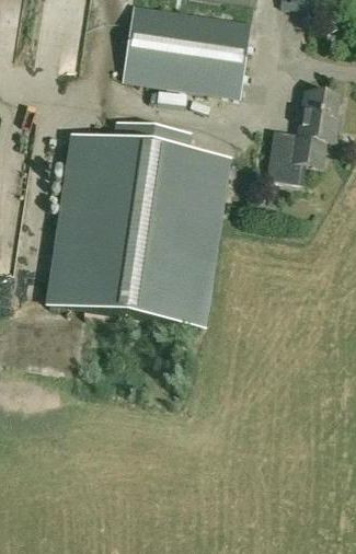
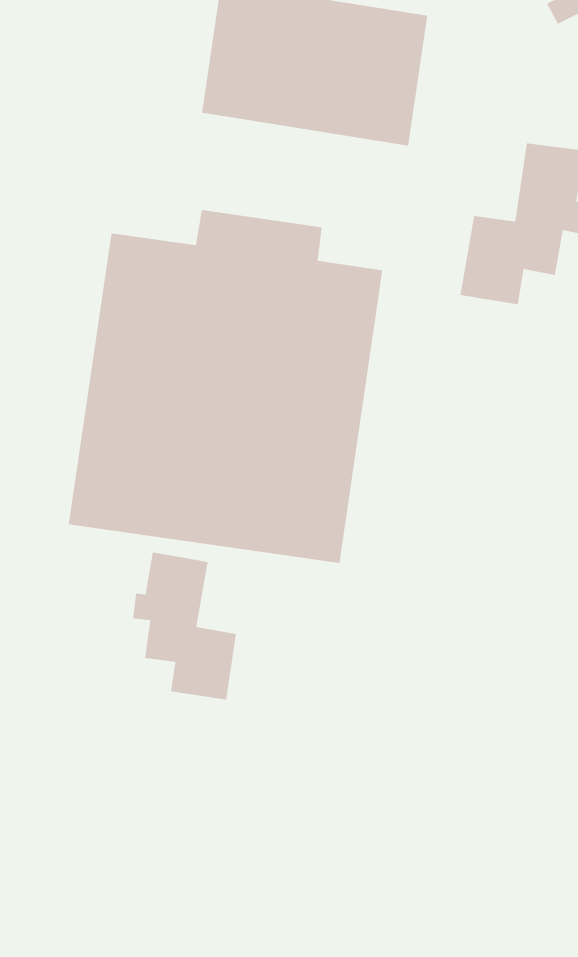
building: none -> [132,552,237,700]

